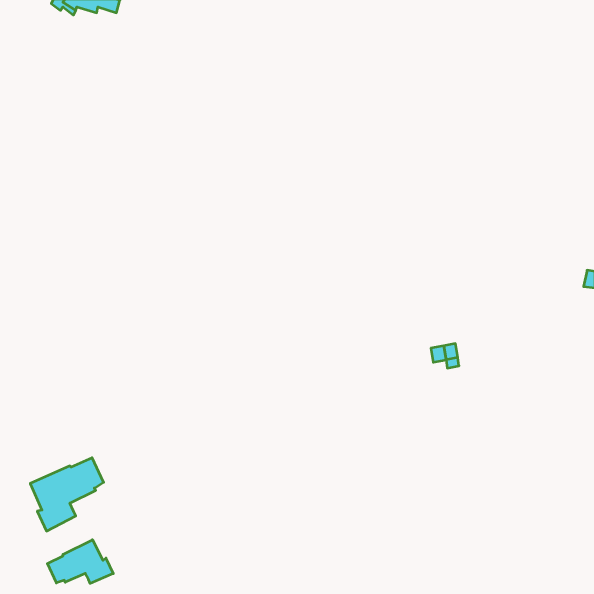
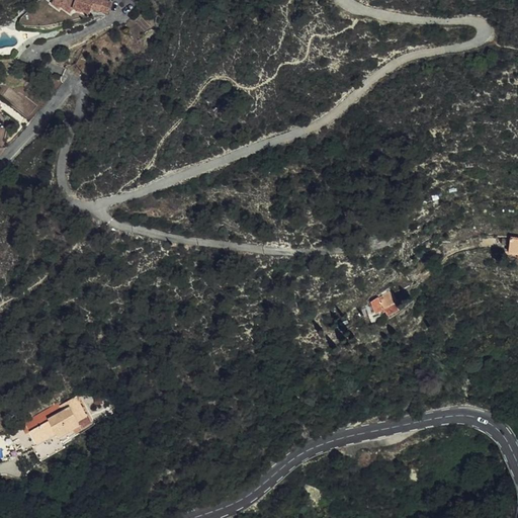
building: [47,540,113,583] -> none

